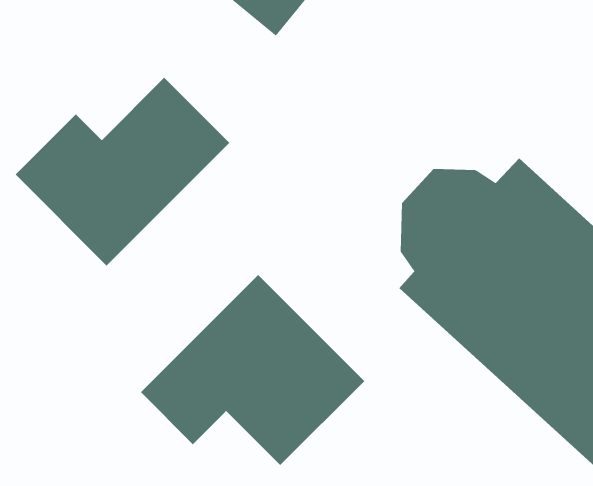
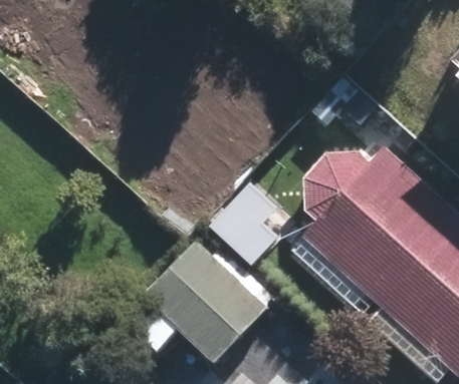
building: [15,77,230,266] -> none

